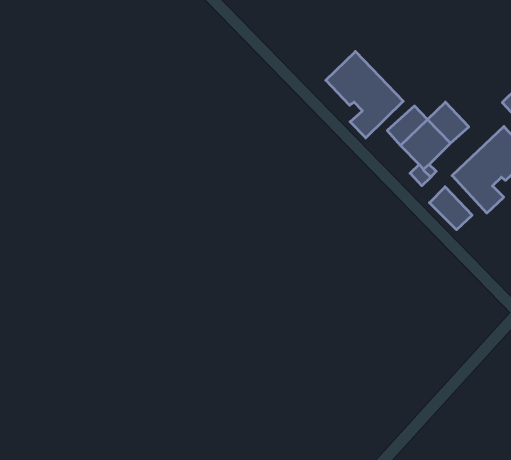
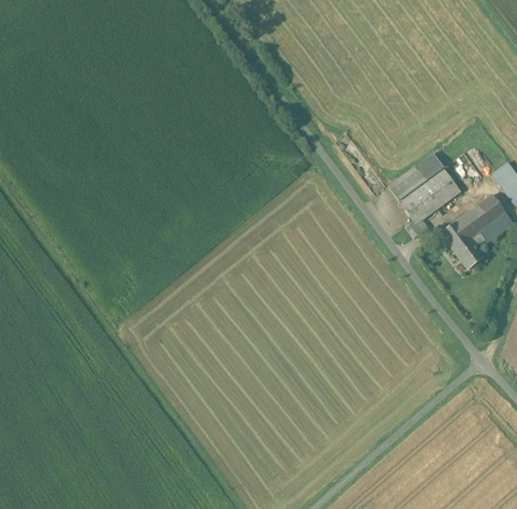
building: [326,51,403,138] -> none
building: [429,187,472,230] -> none

